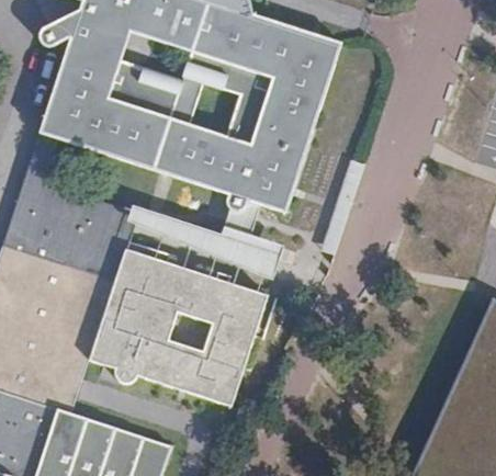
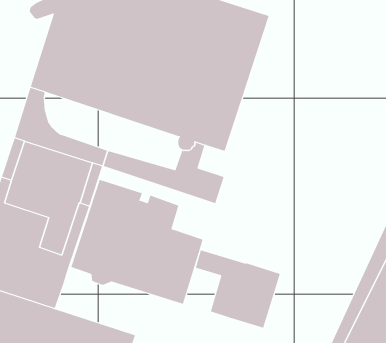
building: [219,281,268,324] -> none
building: none -> [195,249,280,328]

